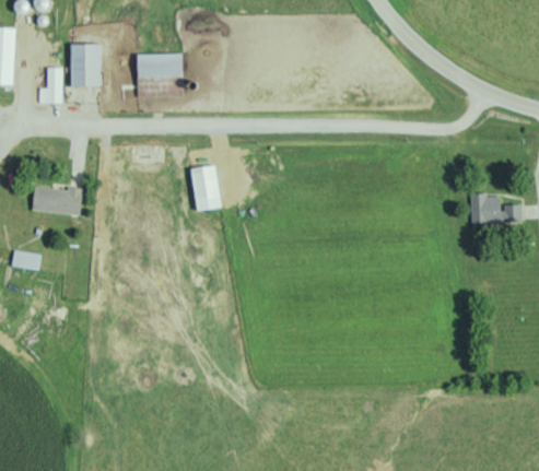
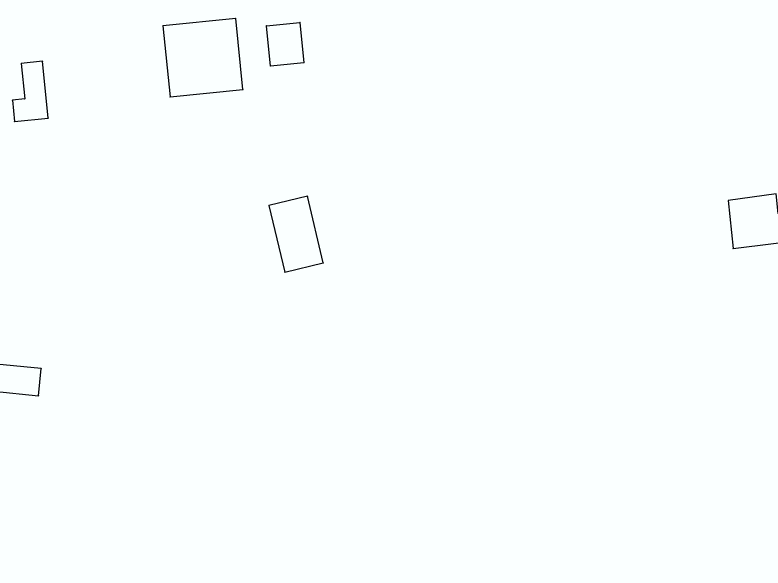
building: [70,44,99,86] -> none
building: none -> [266,22,304,66]
building: [32,185,81,215] -> none

